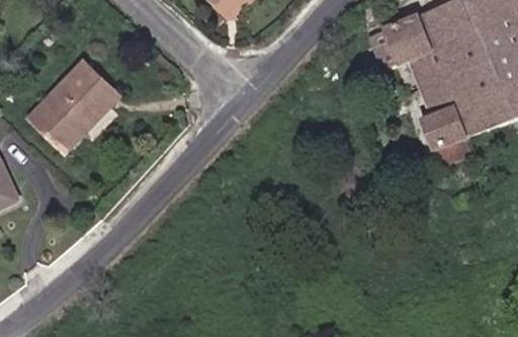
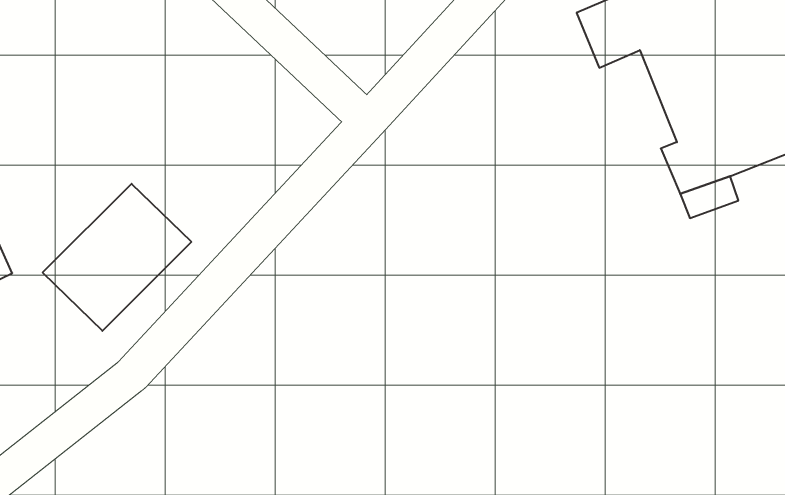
building: [30,61,123,153] -> [43,184,191,331]

